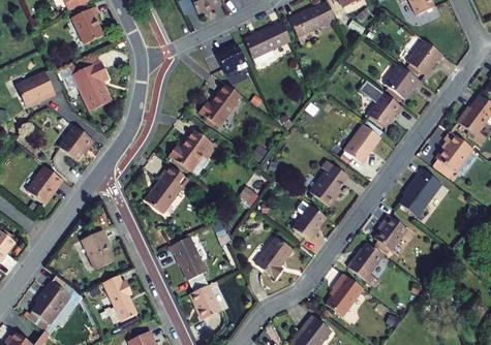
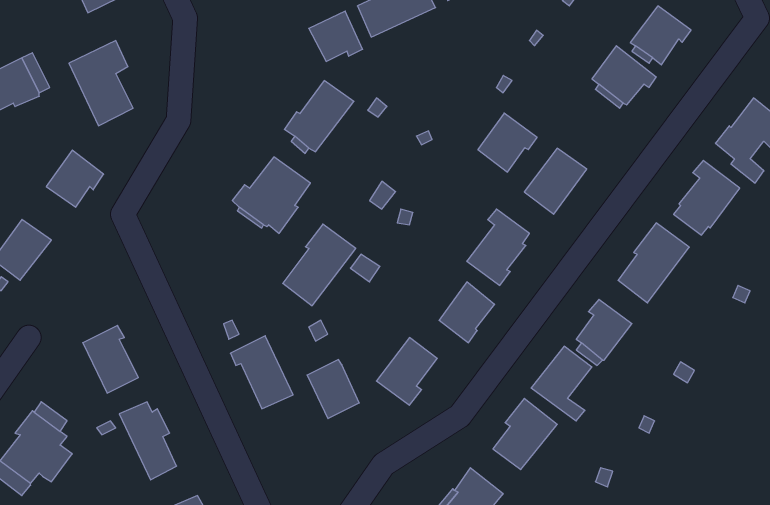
building: [367,93,402,128] -> [478,113,537,172]
building: [145,165,188,214] -> [283,224,356,306]
building: [189,285,220,320] -> [307,360,359,419]

